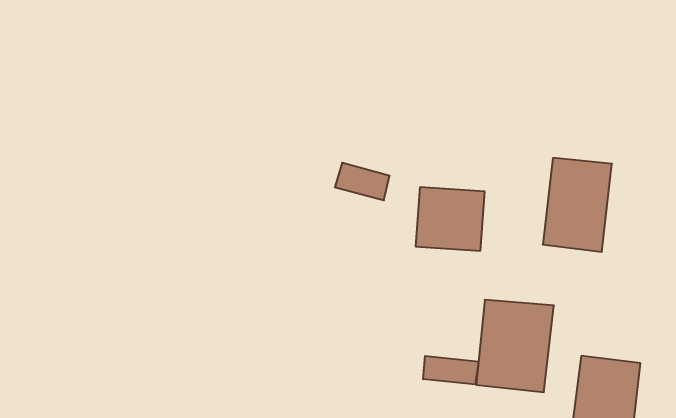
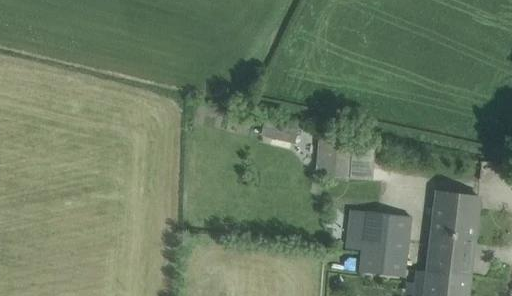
building: [543,158,612,252] -> [430,191,478,256]
building: [423,356,478,384] -> none

